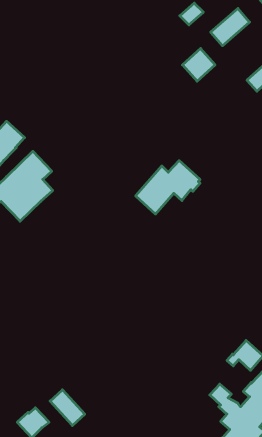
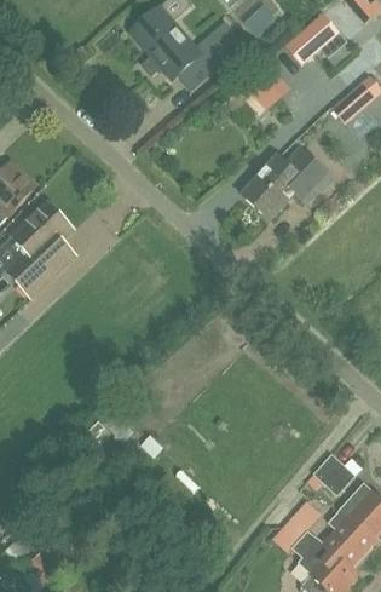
building: none -> [131,6,243,77]
building: [136,161,200,214] -> [243,146,329,218]
building: [50,390,85,426] -> none

